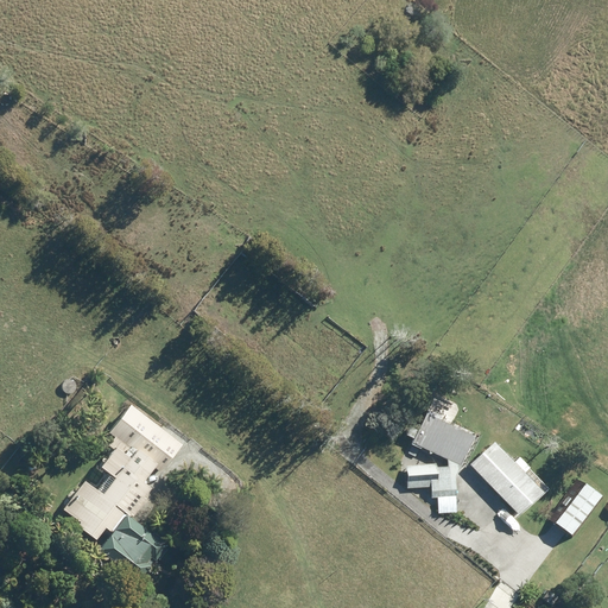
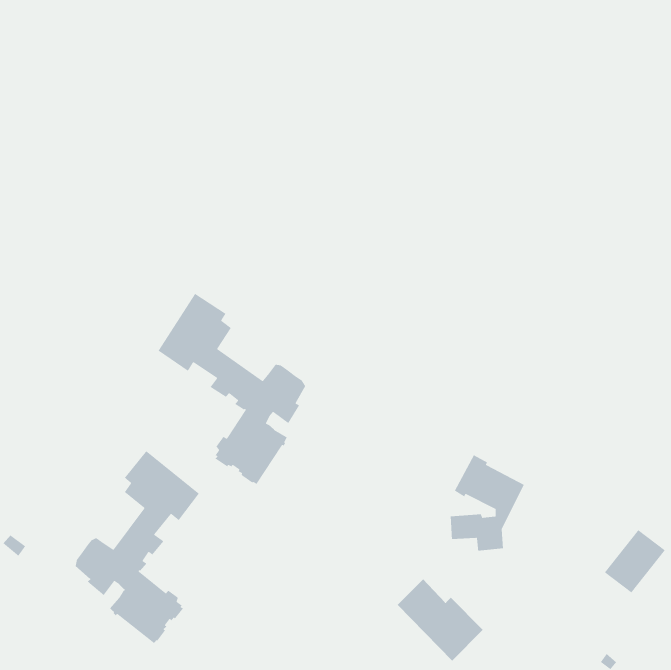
building: none -> [158,293,306,485]
building: [469,441,547,515] -> [397,579,484,661]

